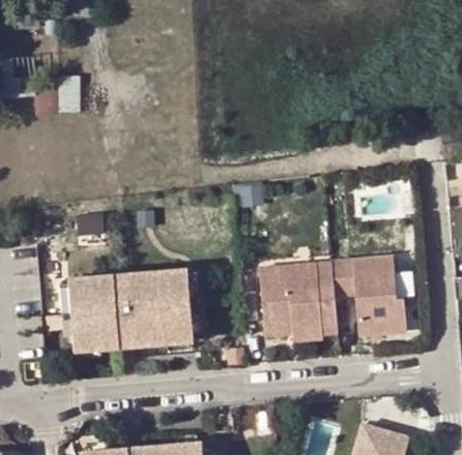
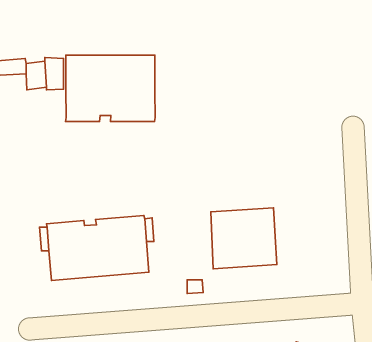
building: none -> [66,55,155,122]
building: [336,256,410,336] -> none

